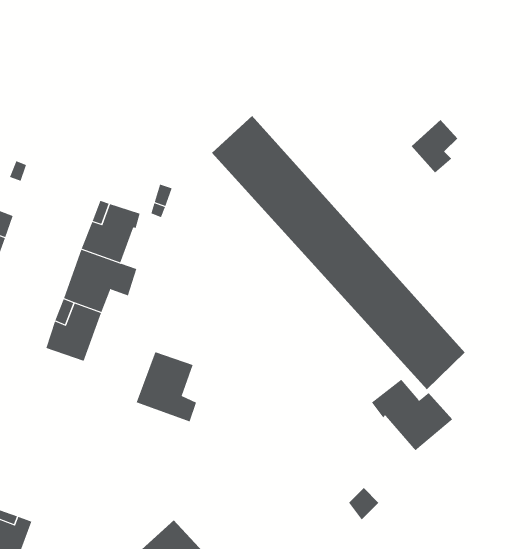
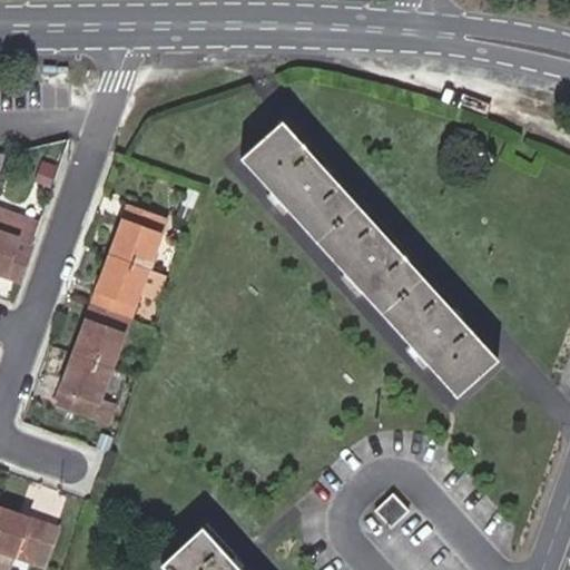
building: [411,119,458,173] -> none
building: [136,352,197,422] -> [53,354,115,425]
building: [371,379,453,451] -> none

